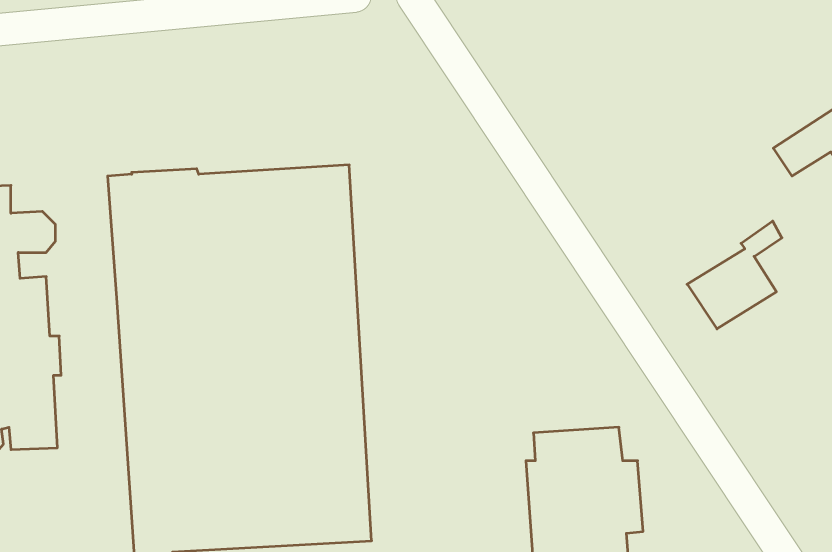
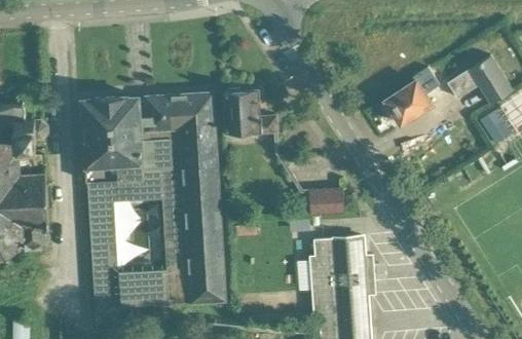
building: none -> [224,91,278,135]
building: [687,221,782,329] -> [384,66,437,125]
building: none -> [308,189,344,216]

